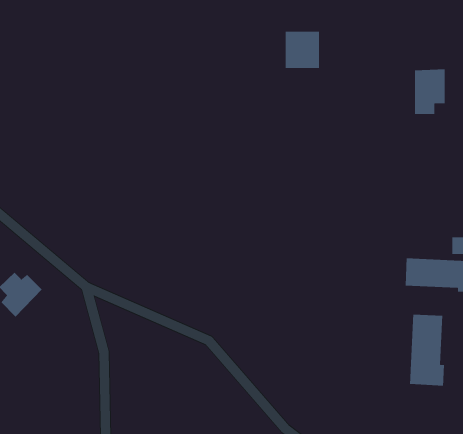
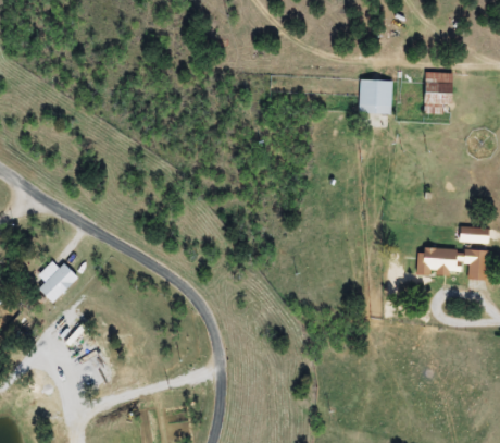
building: [285,31,320,69] -> [359,78,391,113]
building: [410,314,444,386] -> none

